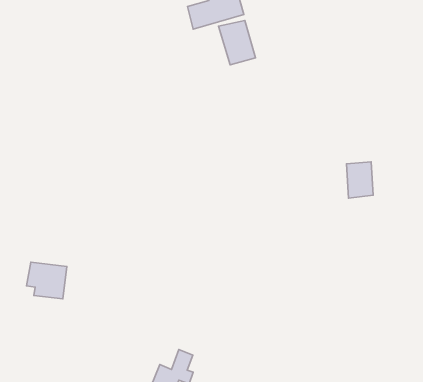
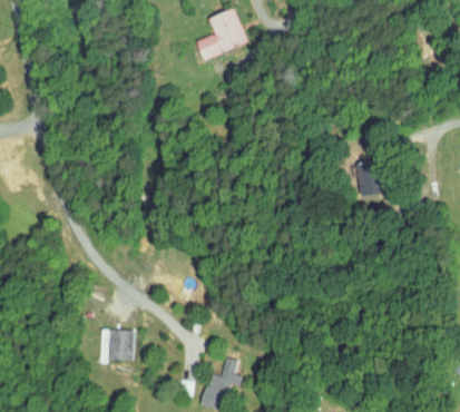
building: [219,21,256,65] -> none
building: [27,262,67,299] -> [100,330,135,360]

